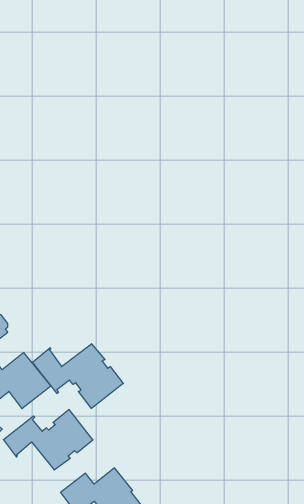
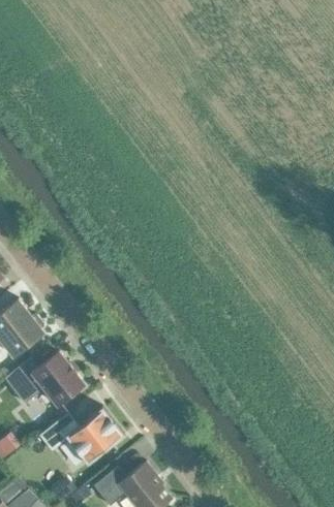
building: [33,344,123,408] -> none

